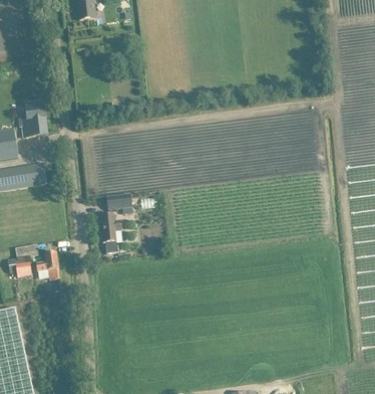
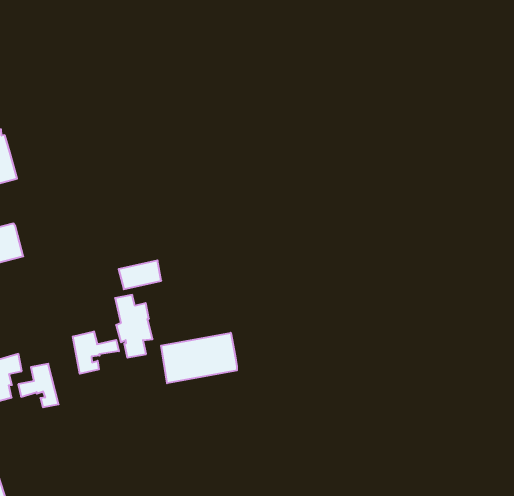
building: none -> [73,331,119,374]
building: none -> [161,333,237,383]

